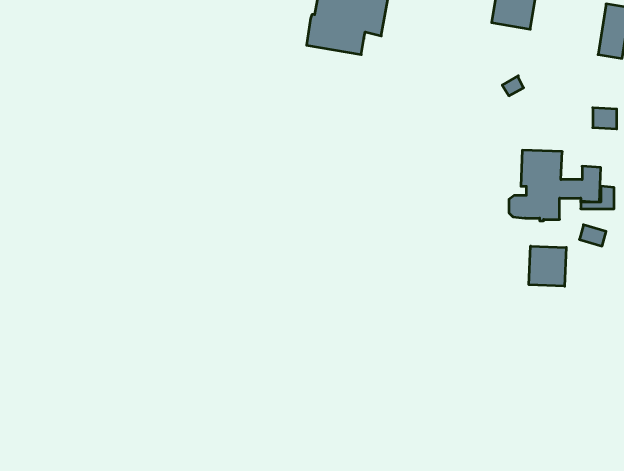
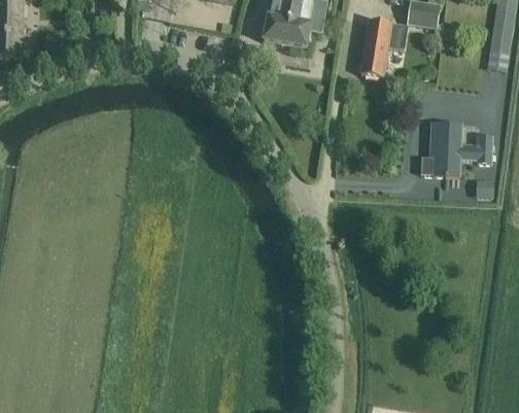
building: none -> [359,19,406,76]
building: [529,246,566,286] -> none

